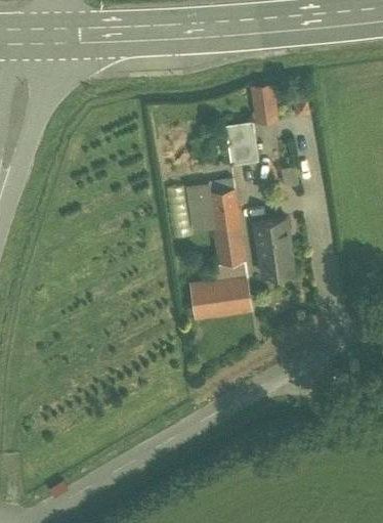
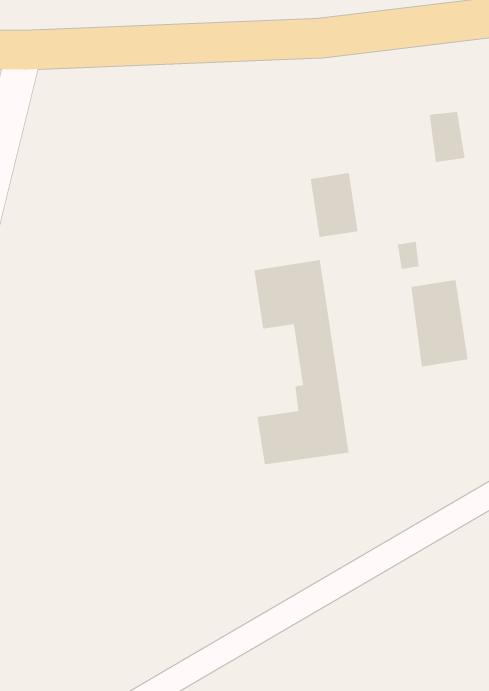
building: [252,87,276,122] -> [429,111,466,163]
building: [255,218,294,277] -> [410,279,468,368]

